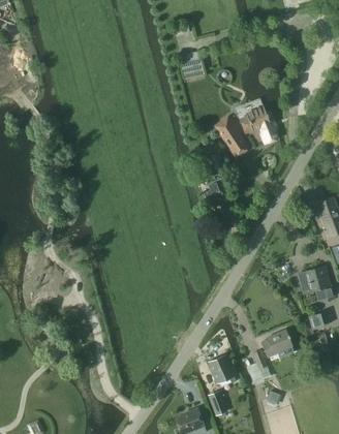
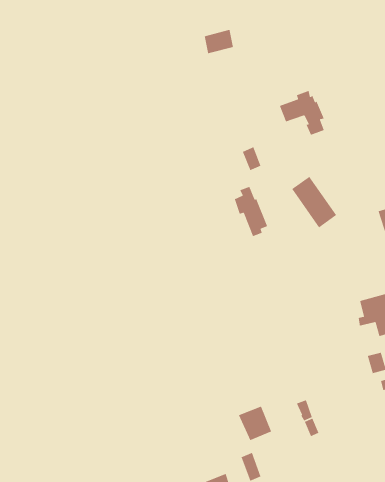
building: [213,115,249,156] -> [291,176,337,228]
building: [260,330,292,357] -> none

